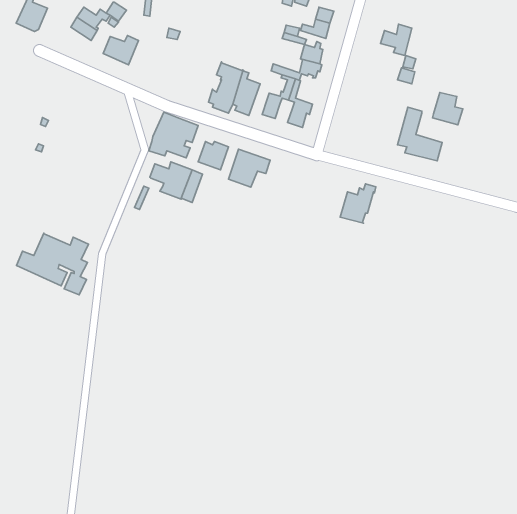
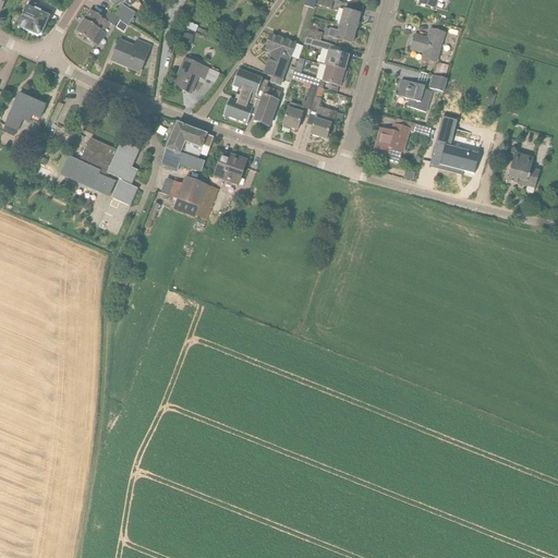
building: none -> [264,33,295,77]
building: none -> [173,57,208,90]
building: none -> [397,77,432,110]
building: none -> [4,92,45,129]
building: [433,93,463,125] -> [507,150,539,185]
building: [229,149,270,187] -> none
building: [340,184,376,223] -> [373,118,411,160]
building: [17,233,88,295] -> [61,136,138,203]

